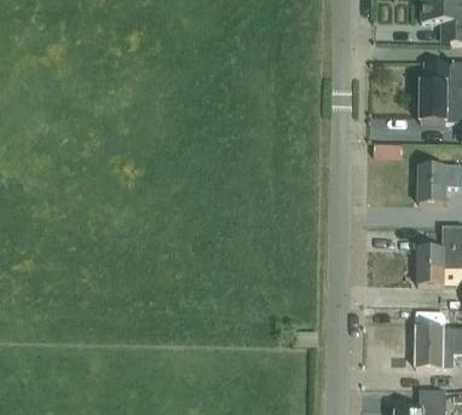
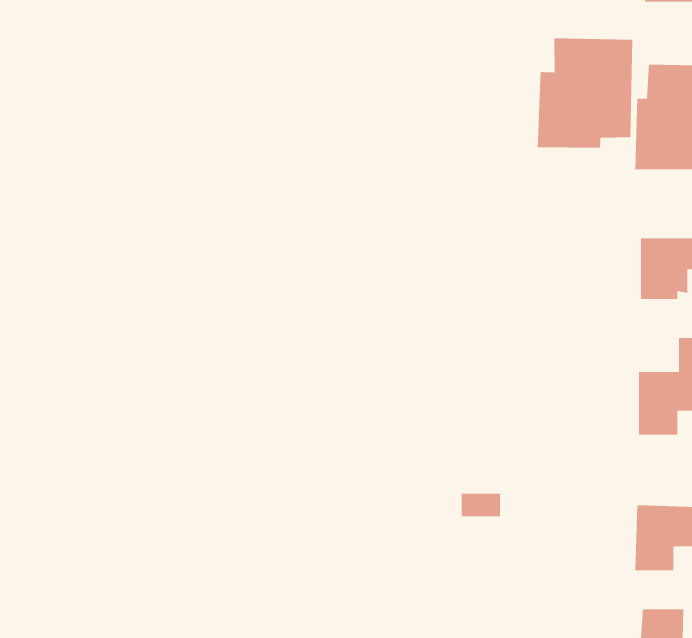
building: none -> [537,38,633,149]

